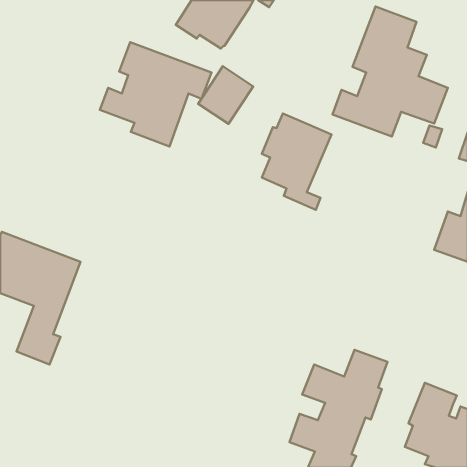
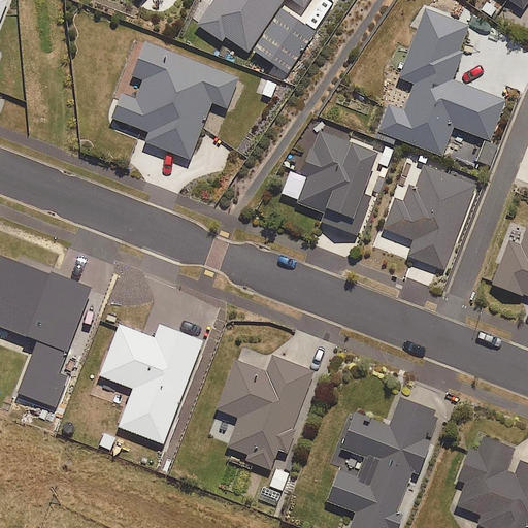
building: [198,66,253,124] -> [254,10,316,75]
building: none -> [382,164,475,270]
building: none -> [100,320,204,441]
building: none -> [220,355,312,467]

